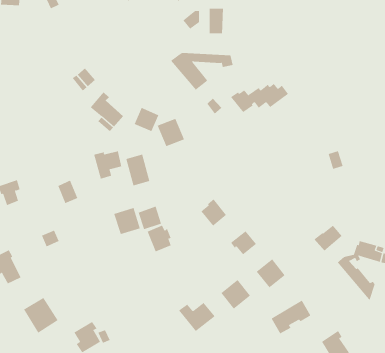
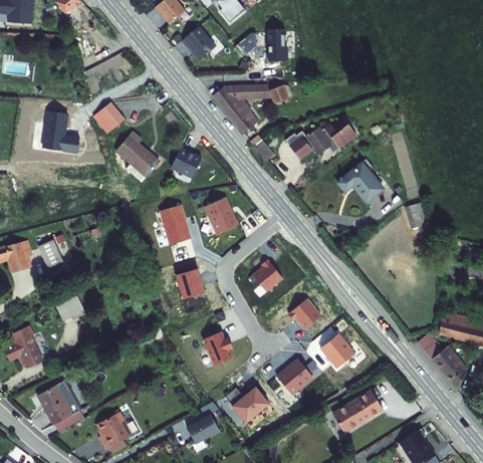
building: none -> [177,24,210,57]
building: none -> [44,115,78,155]
building: none -> [340,163,385,202]
building: [157,118,185,147] -> [204,200,238,235]
building: [93,150,122,179] -> none
building: [57,180,78,204] -> [39,235,64,264]
building: [113,207,141,235] -> none
building: [314,225,342,251] -> none
building: [147,225,172,252] -> [203,333,233,367]
building: none -> [180,409,212,438]

